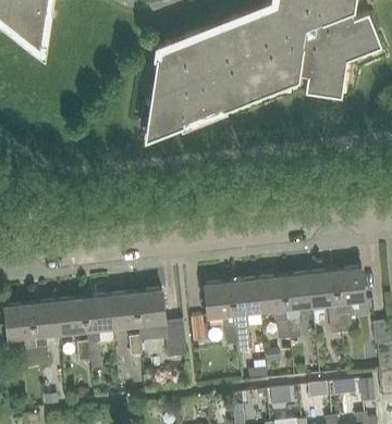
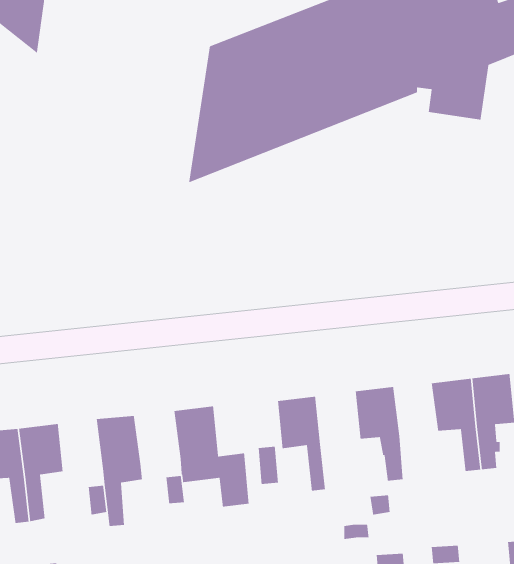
building: [283,274,313,339] -> none
building: [231,279,260,356] -> none
building: [109,292,139,328] -> none
building: [58,298,87,334] -> none

